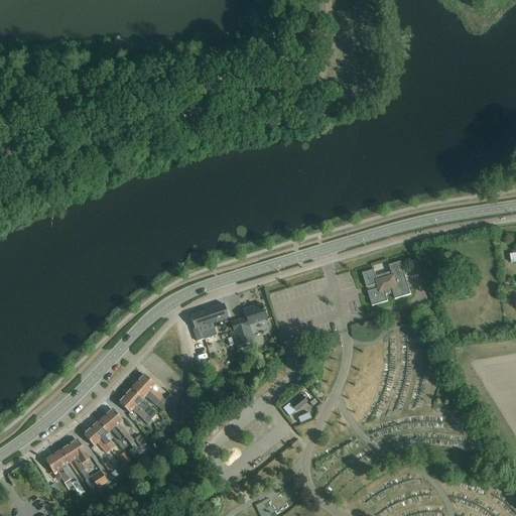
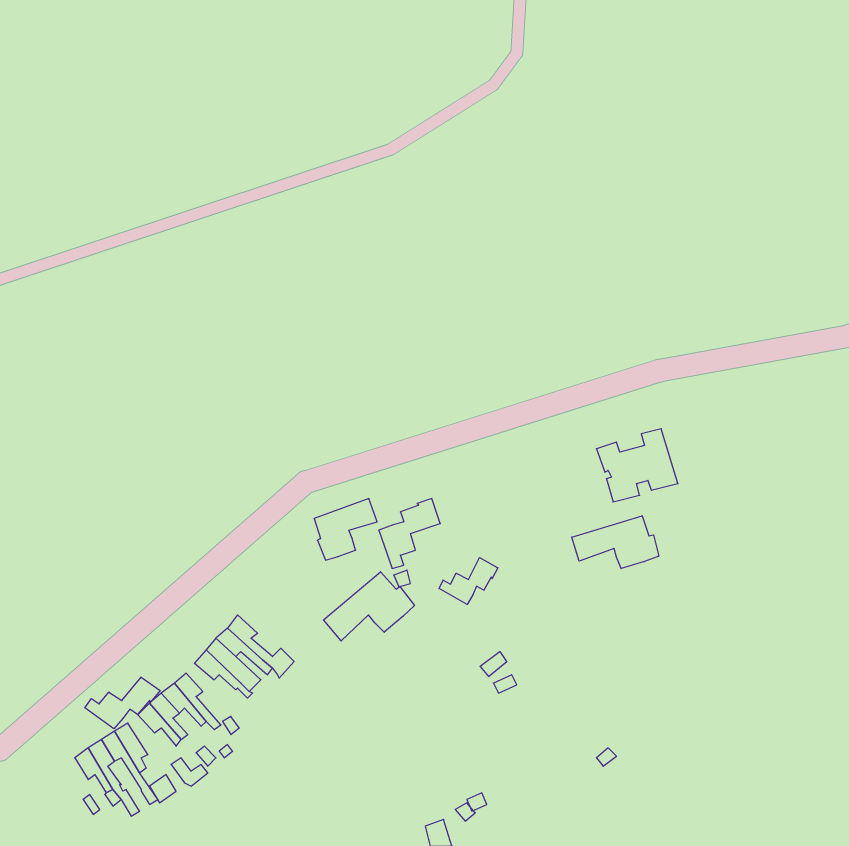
building: none -> [572,516,659,569]
building: none -> [439,558,498,604]
building: none -> [323,572,414,641]
building: none -> [85,677,160,729]

